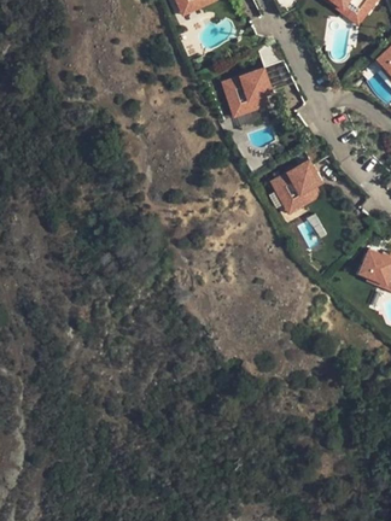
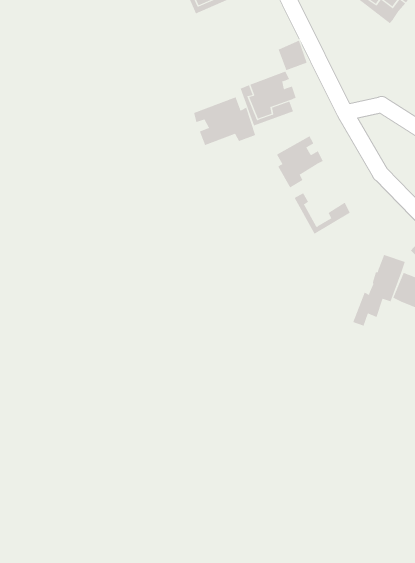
building: none -> [194,97,256,146]
building: [279,159,321,206] -> [276,136,323,188]
building: none -> [353,254,406,327]

